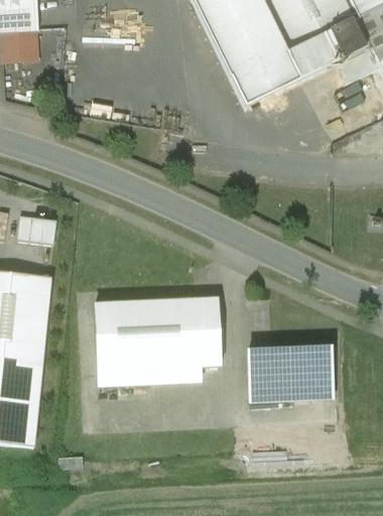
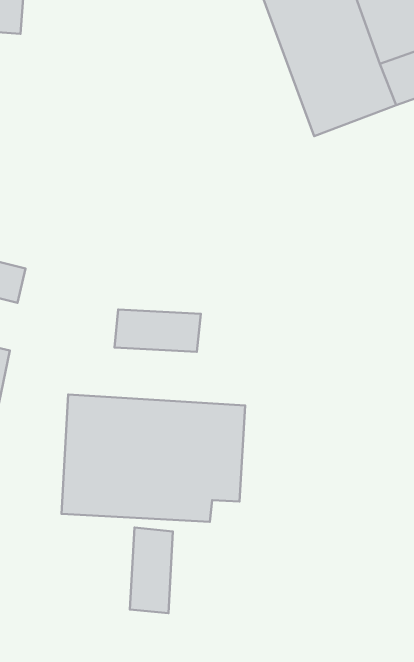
building: none -> [114,309,201,352]
building: [247,346,333,399] -> none
building: none -> [130,528,173,613]

